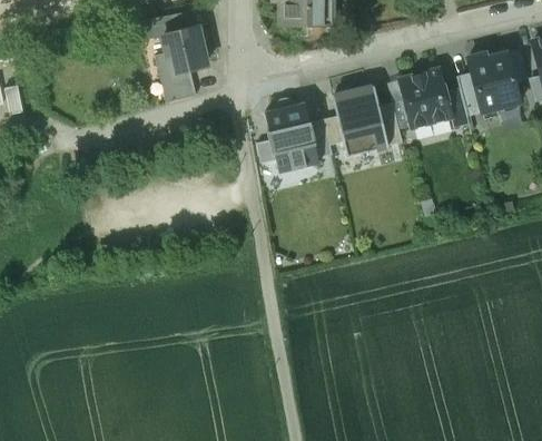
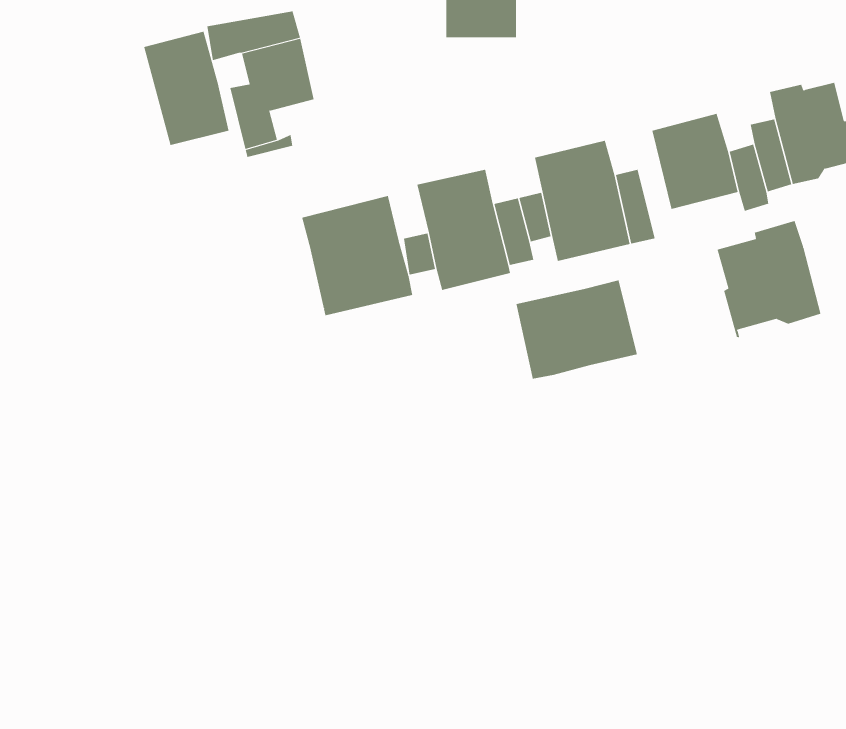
building: none -> [143,31,229,146]
building: none -> [301,195,413,316]
building: none -> [717,220,821,338]
building: none -> [516,280,637,380]

